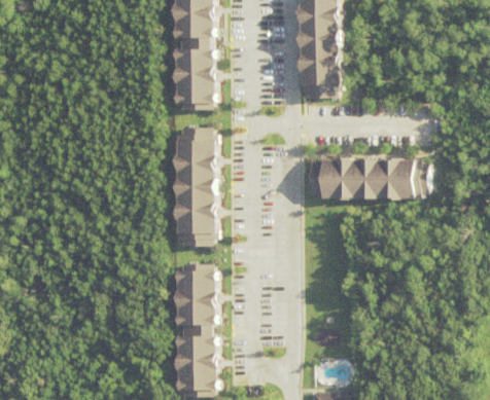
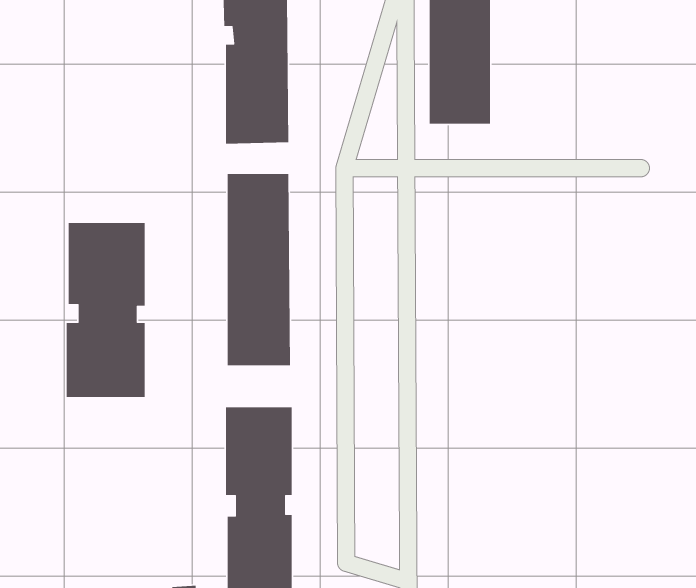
building: none -> [66,222,145,398]
building: [307,157,427,198] -> none

